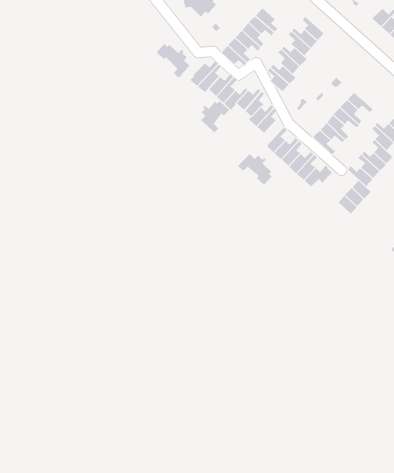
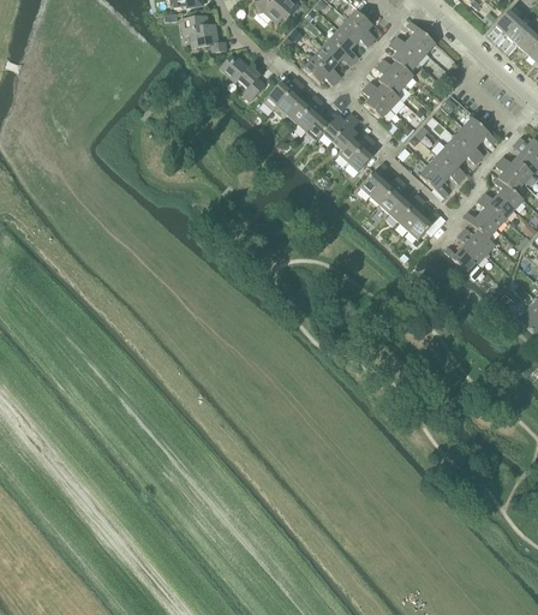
building: none -> [181,16,227,53]
building: [200,100,230,133] -> none
building: [237,153,273,186] -> none

